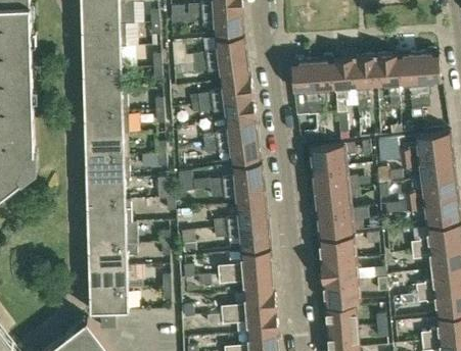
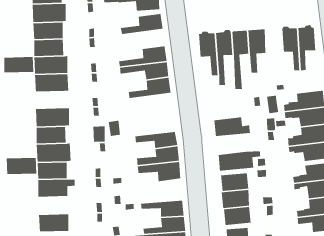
building: [376,54,400,110] -> none
building: [181,56,249,81] -> none
building: [85,135,124,156] -> [3,56,34,73]
building: [203,137,260,161] -> none
building: [309,144,354,170] -> none
building: [209,162,263,191] -> none
building: [313,188,359,214] -> none
building: [218,250,272,275] -> none
building: [88,267,128,290] -> [6,157,37,175]

